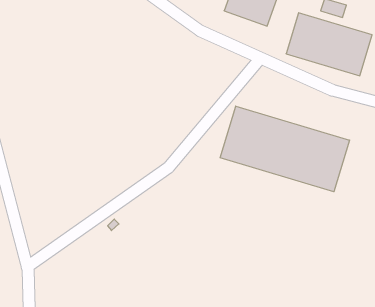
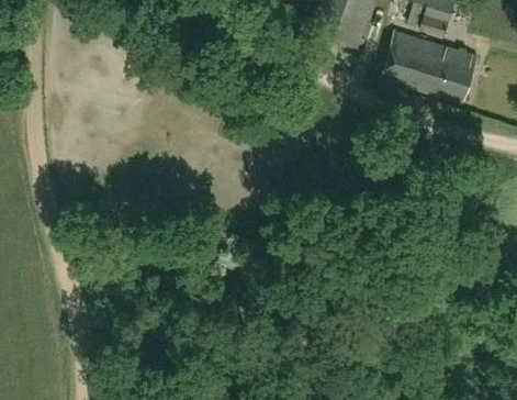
building: [220,106,350,192] -> none

